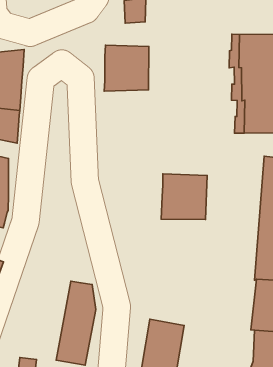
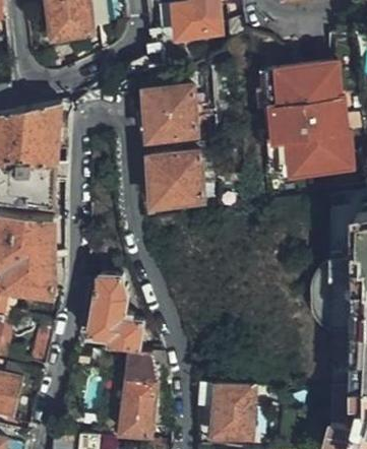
building: [161,174,207,220] -> [148,155,198,206]
building: none -> [86,274,140,349]

